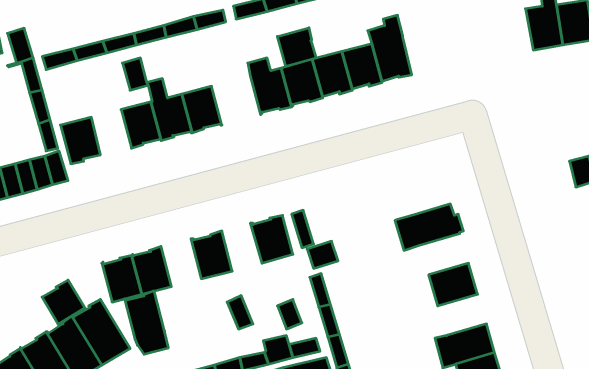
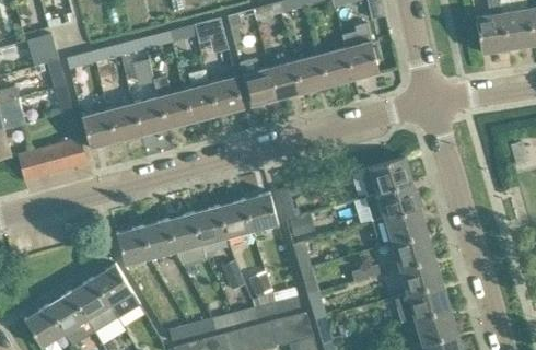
building: [277,28,317,66] -> none
building: none -> [209,77,243,116]
building: none -> [107,103,141,142]
building: none -> [359,156,411,196]
building: none -> [218,199,252,240]
building: none -> [385,208,427,243]
building: [42,280,85,324] -> none
building: [125,291,168,354] -> [166,212,203,266]
building: none -> [400,259,442,294]

